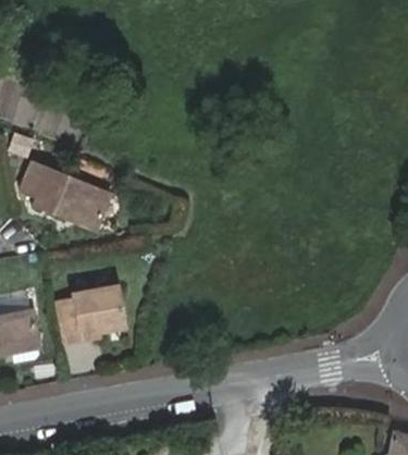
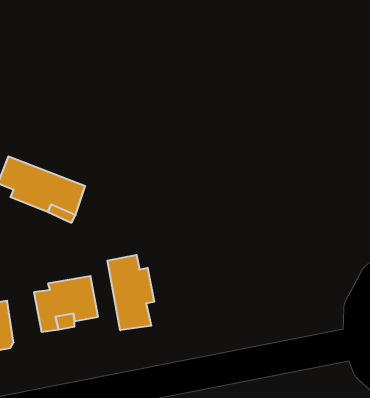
building: none -> [107,255,154,330]

